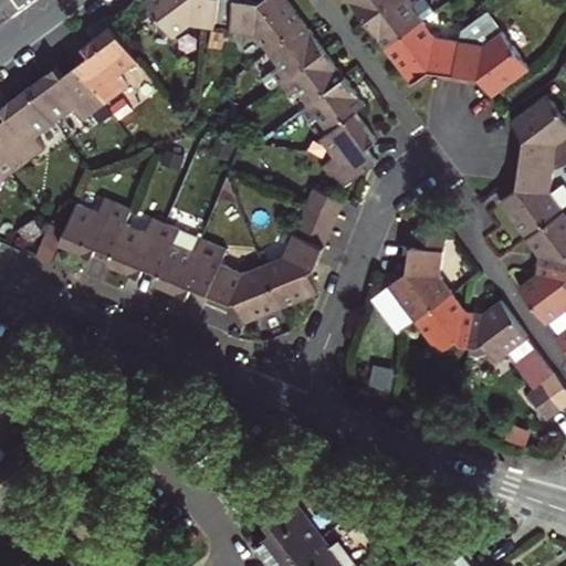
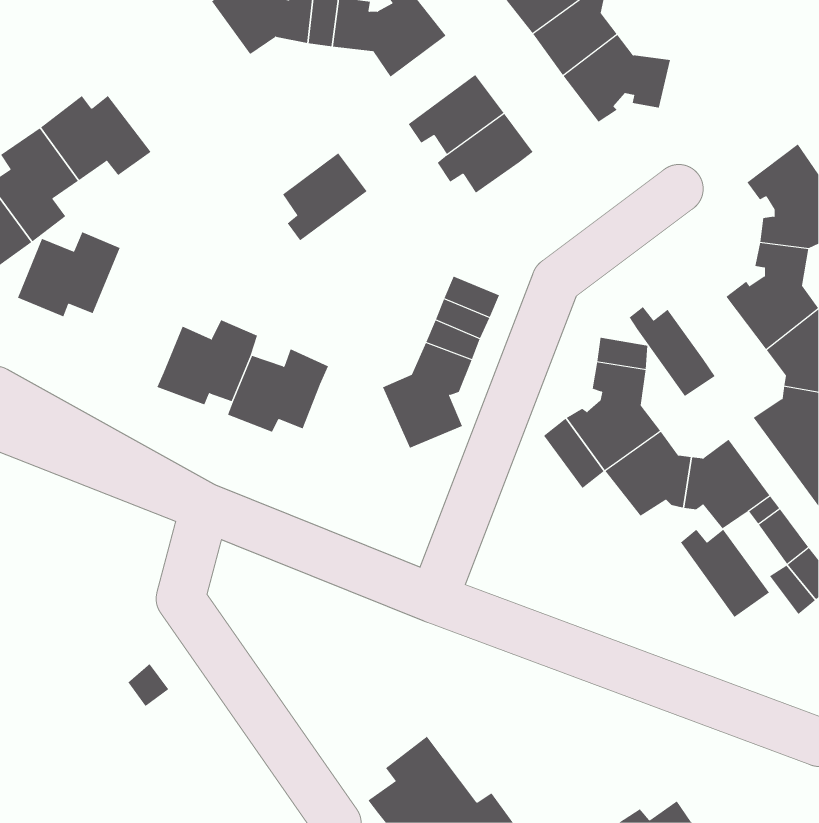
building: [452,15,530,98] -> none
building: [268,24,326,85] -> [282,152,367,241]
building: [74,27,137,104] -> none
building: [319,112,376,189] -> none
building: [60,199,130,258] -> [17,232,120,317]
building: none -> [629,306,716,397]
building: [208,263,281,323] -> none
building: none -> [680,529,770,618]

